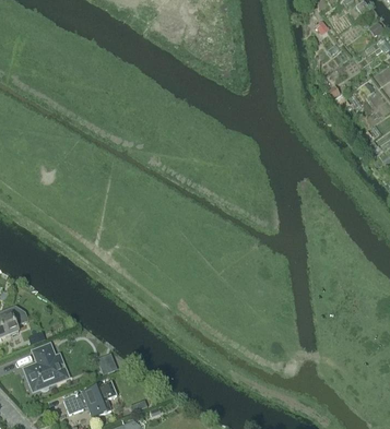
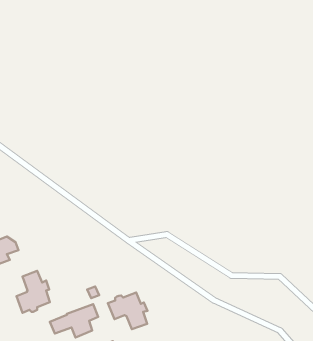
building: none -> [108,293,147,329]

